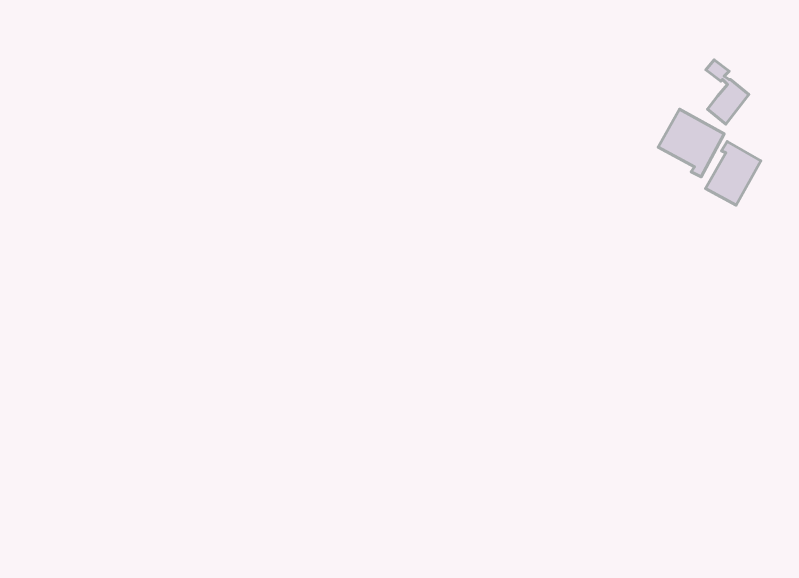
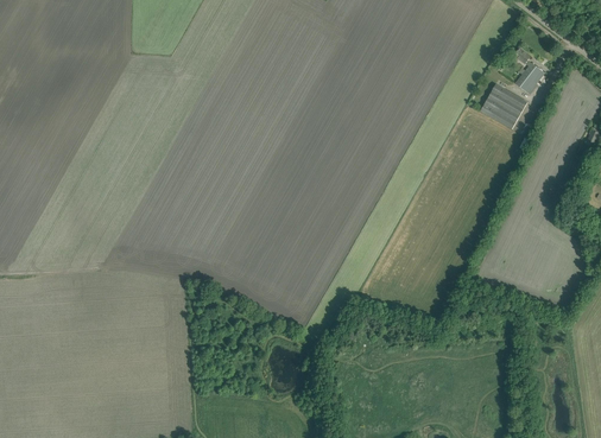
building: [706,141,761,205] -> none

